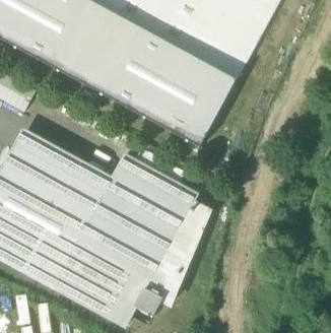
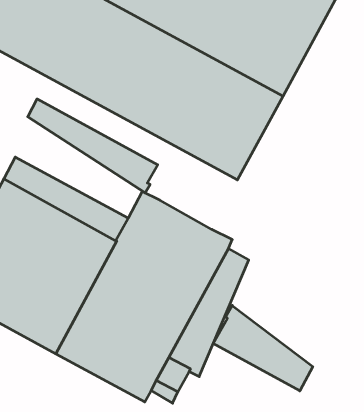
building: none -> [28,99,158,193]
building: none -> [213,305,313,391]

